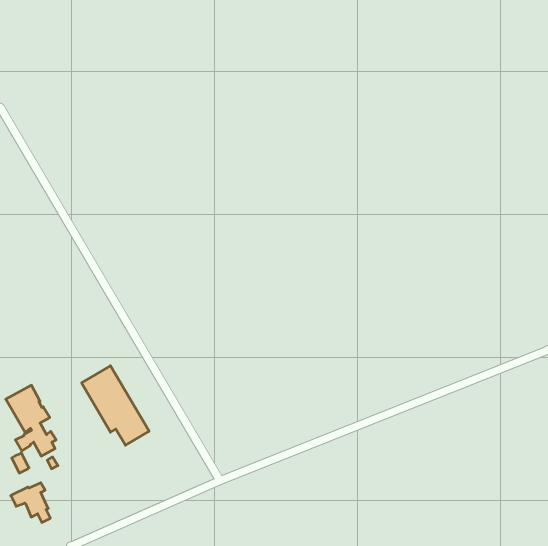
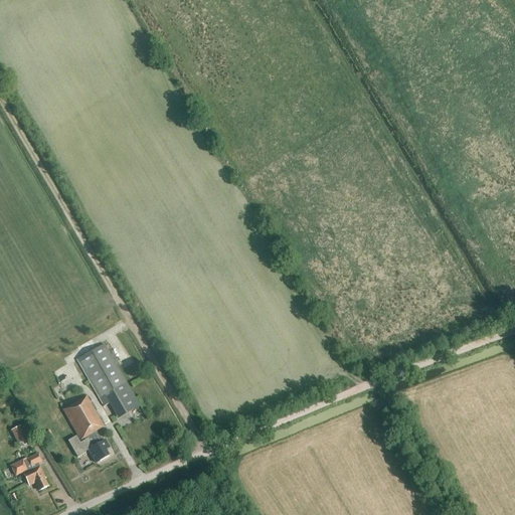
building: [6,385,56,456] -> [62,395,110,462]

